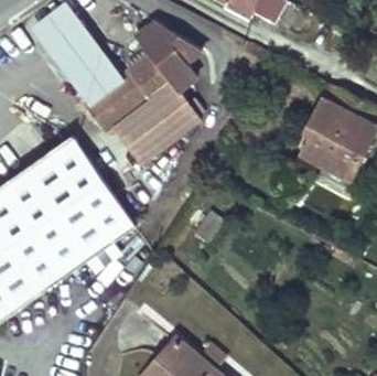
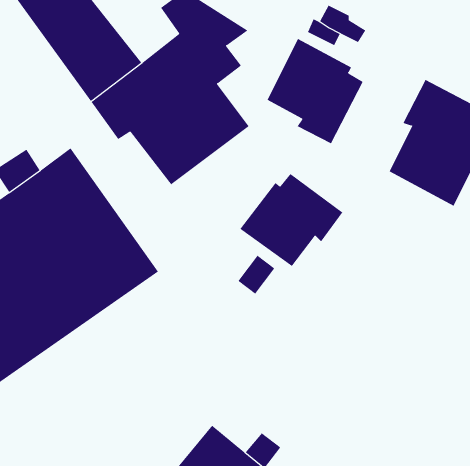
building: none -> [267,38,363,144]
building: none -> [240,173,343,267]

